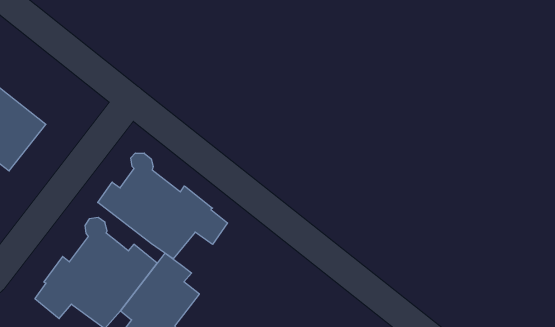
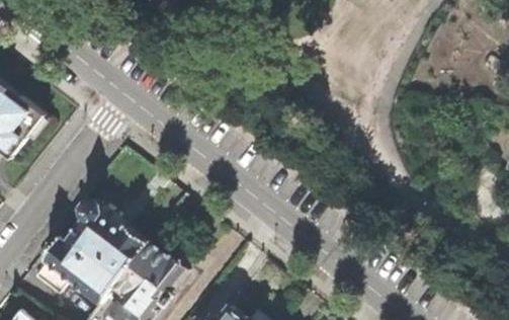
building: [98,153,228,259] -> none

